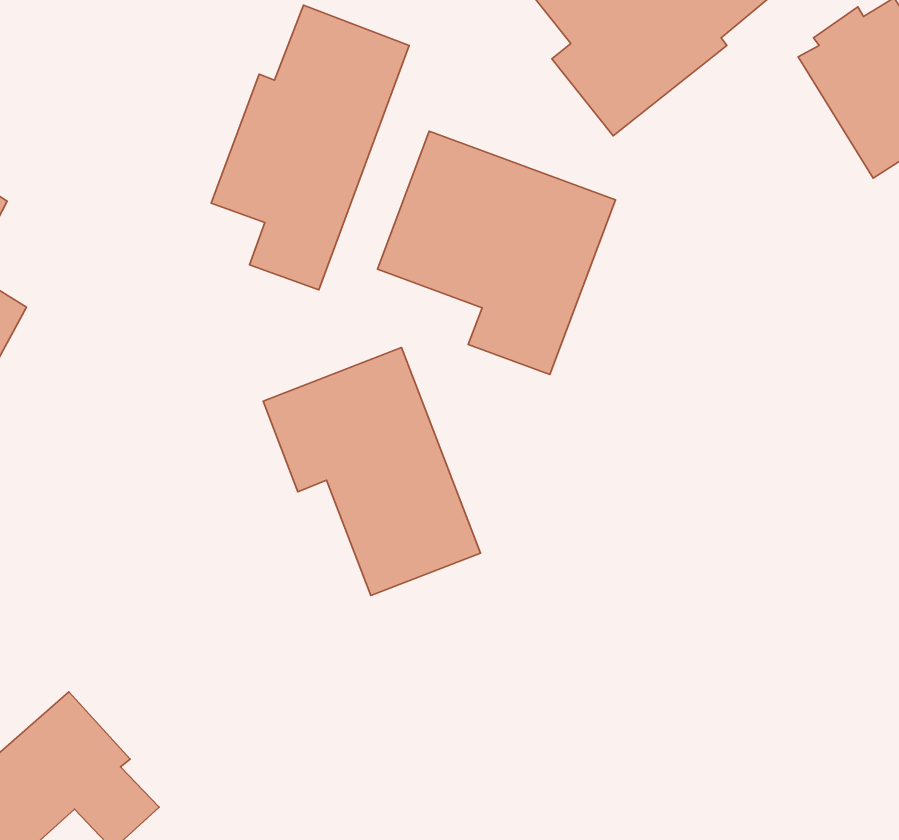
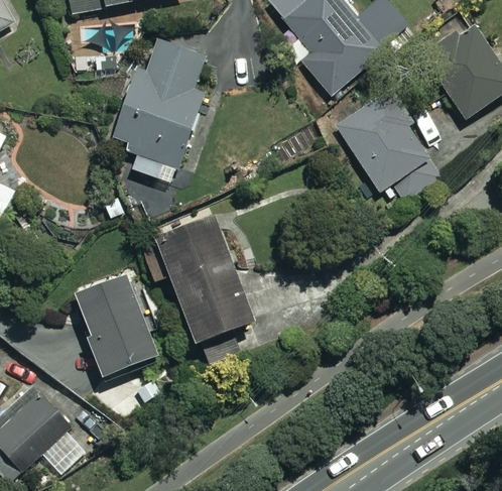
building: none -> [333,88,437,202]
building: [378,131,615,375] -> none
building: none -> [74,275,159,379]

